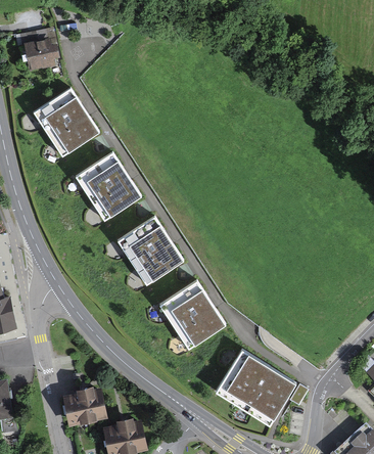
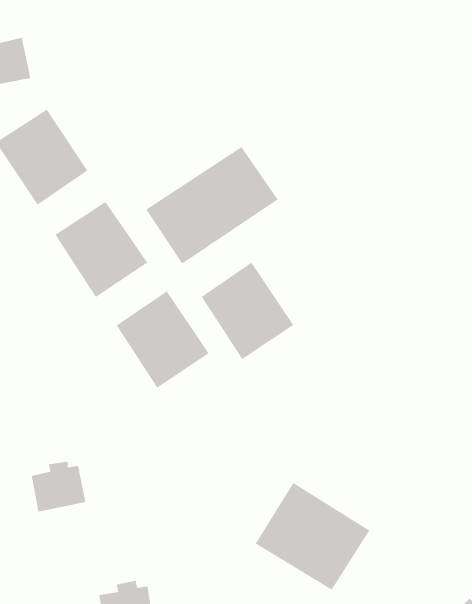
building: none -> [145,146,279,264]
building: [157,279,223,348] -> [201,262,294,360]
building: [63,385,102,421] -> [31,461,86,512]

